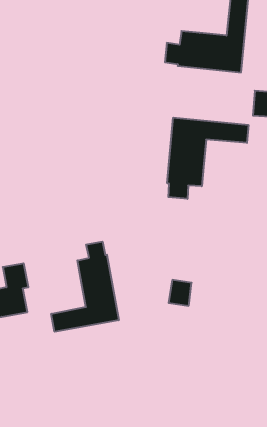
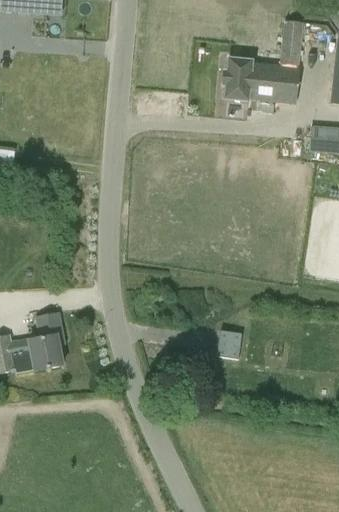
building: [167,118,248,199] -> none
building: [51,242,119,332] -> none

